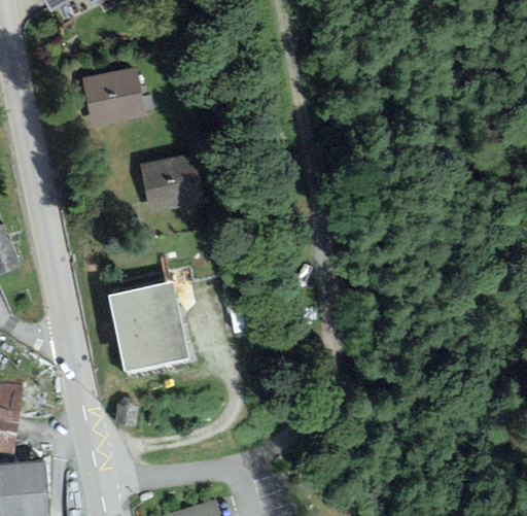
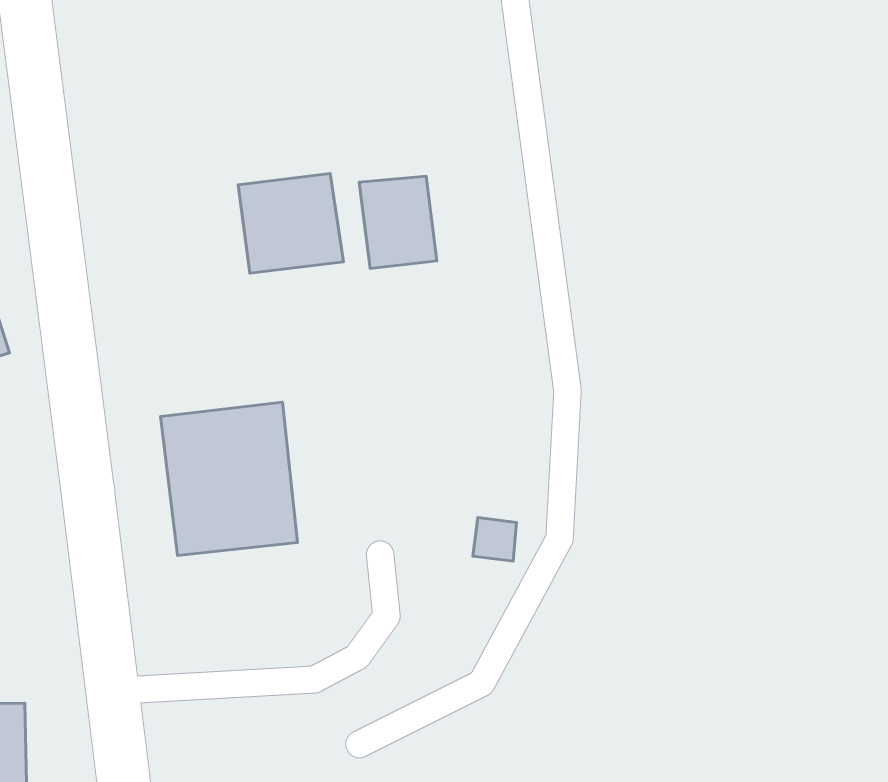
building: [82,66,147,126] -> none
building: none -> [359,176,437,268]

